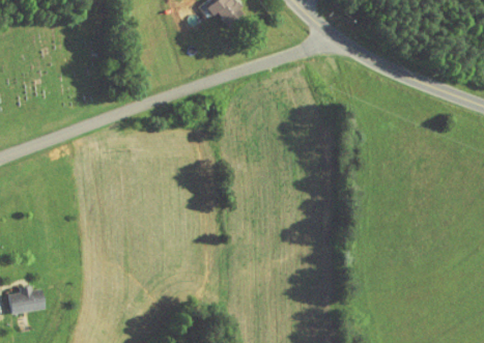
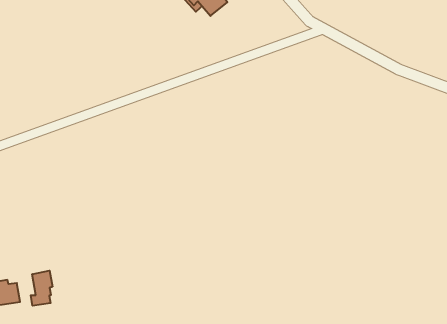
building: none -> [31,271,52,306]

